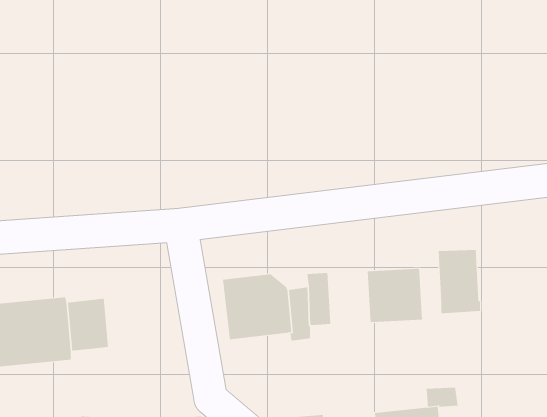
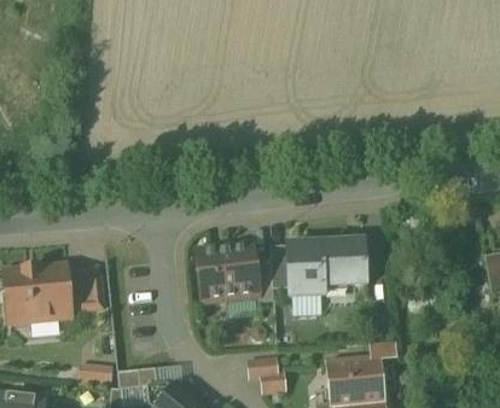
building: [438,249,481,314] -> [286,243,322,297]

